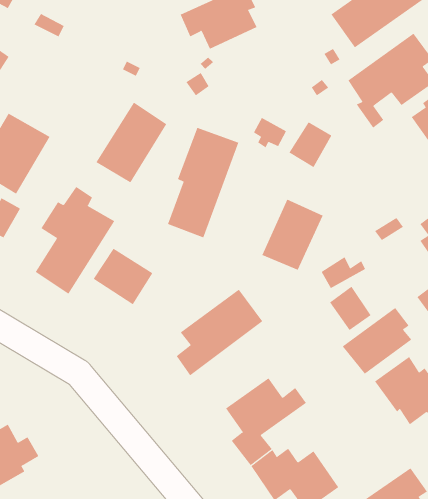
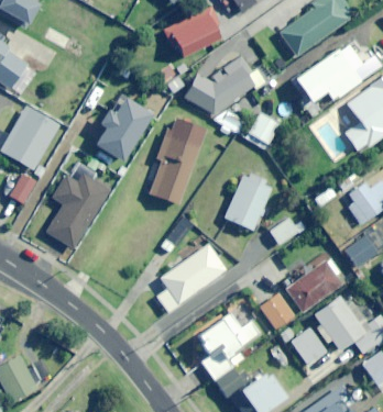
building: none -> [186,56,266,113]
building: [93,248,153,305] -> none
building: [329,286,372,331] -> [261,293,294,329]
building: none -> [291,327,327,365]

